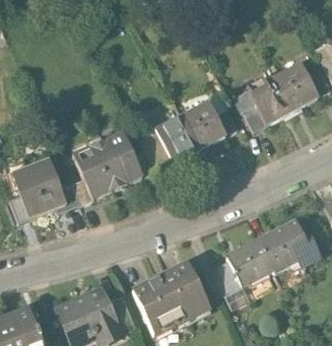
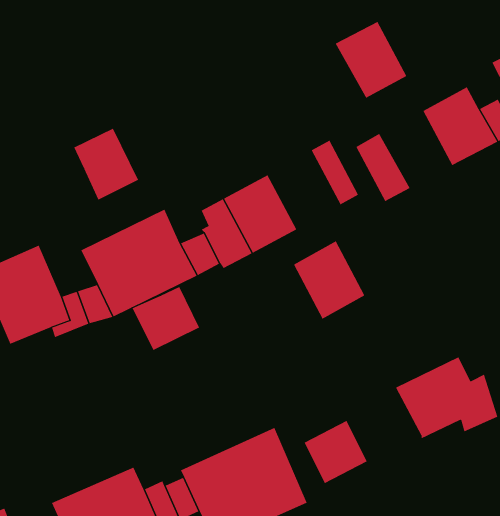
building: [250,77,292,123] -> [335,21,407,99]
building: none -> [73,128,139,200]
building: [184,100,226,147] -> [293,240,365,320]
building: none -> [132,286,200,351]
building: [228,240,274,284] -> none

